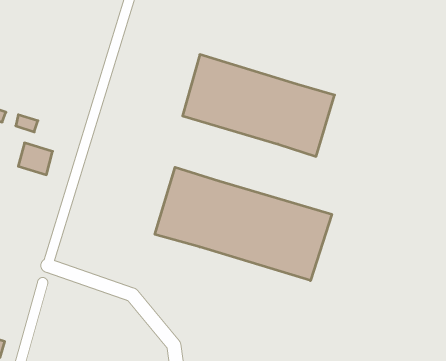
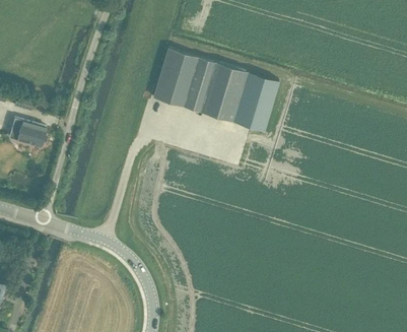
building: [155,167,332,281] -> none

